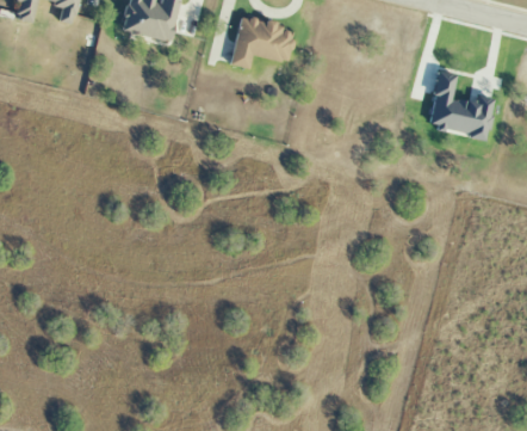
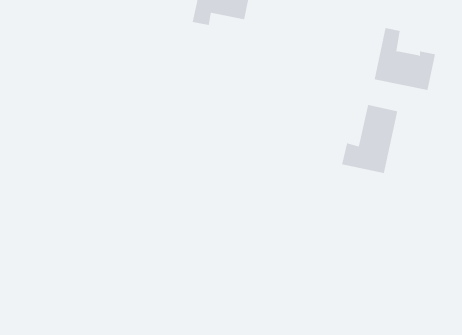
building: none -> [342,104,398,174]

